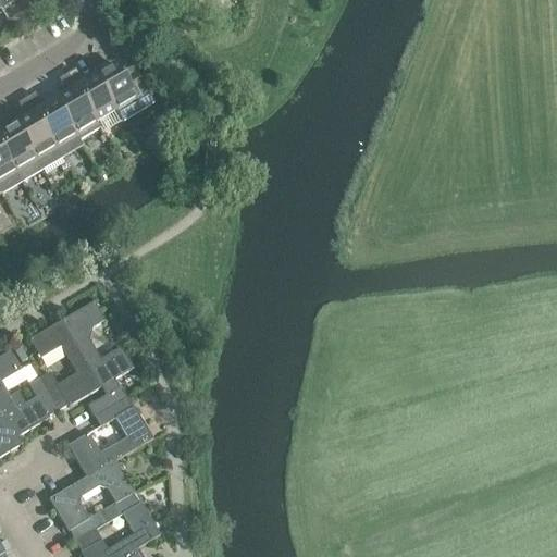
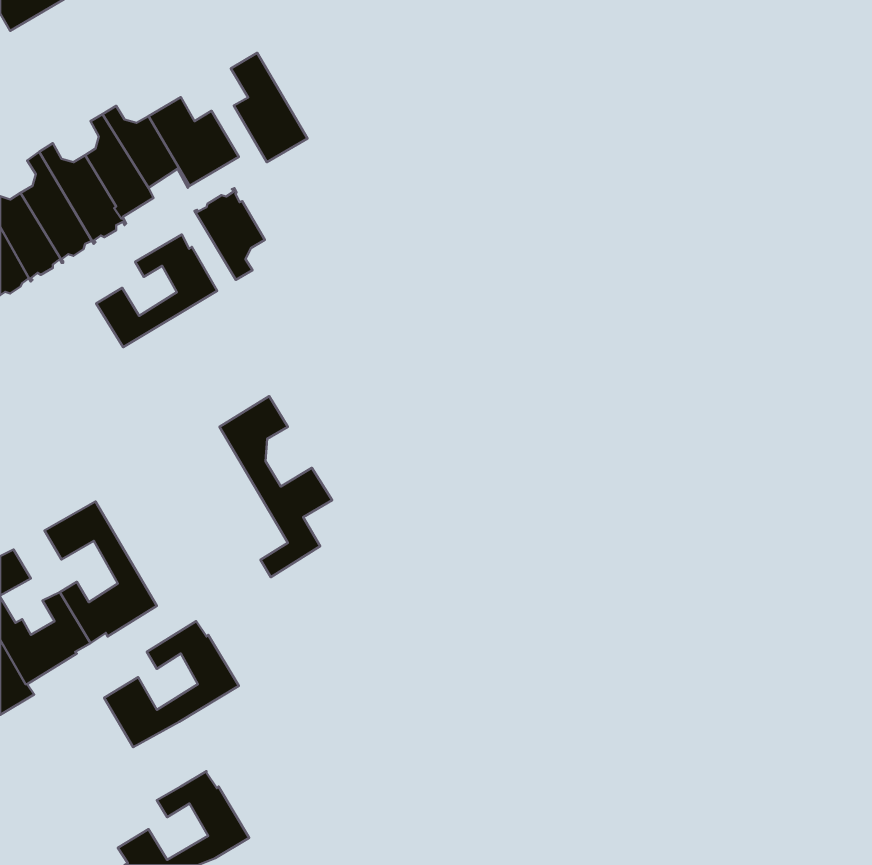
building: none -> [231,53,307,162]
building: none -> [195,188,265,280]
building: none -> [96,234,217,347]
building: [61,300,133,416] -> [220,396,332,577]
building: [48,460,134,541] -> none

